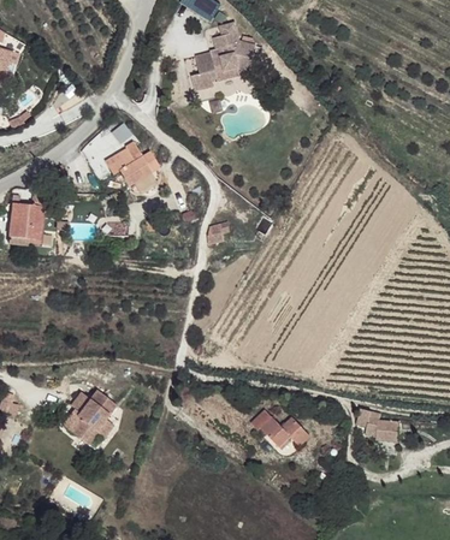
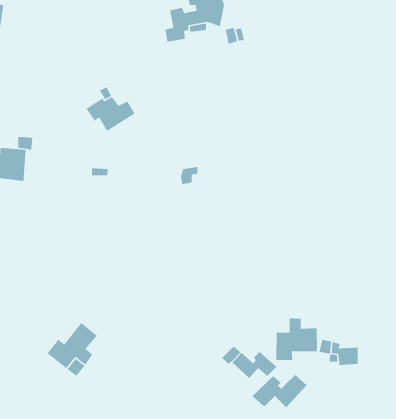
building: none -> [276,317,318,361]
building: none -> [252,374,308,408]

